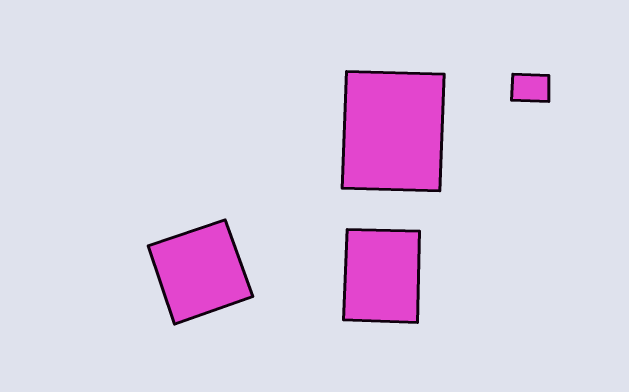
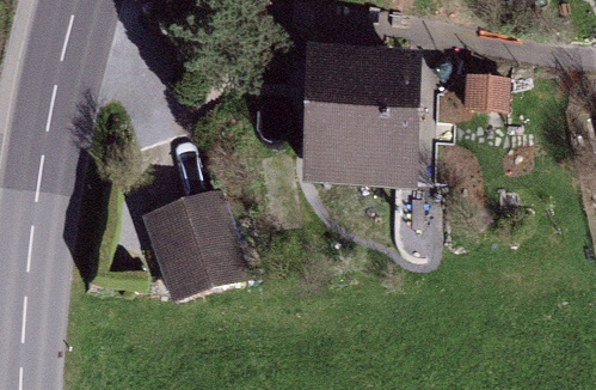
building: [344,229,420,323] -> none

